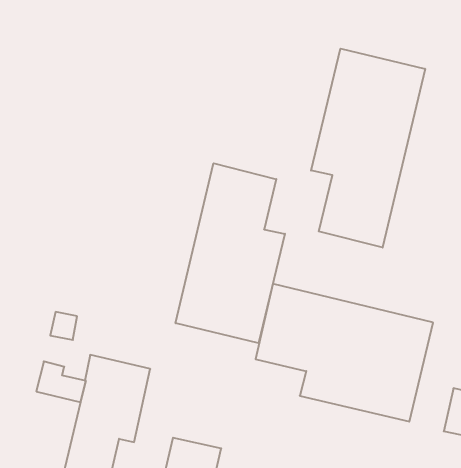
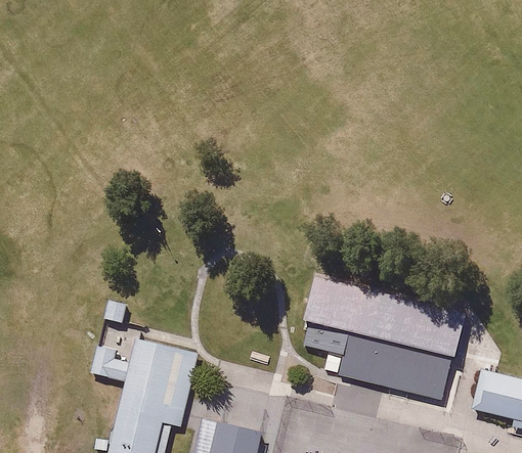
building: [311,49,425,248] -> none
building: [176,163,285,343] -> none

